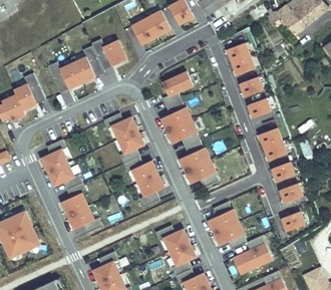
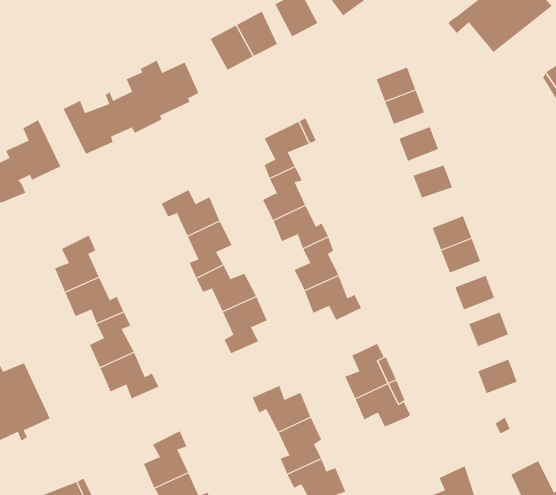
building: [232,236,271,274] -> none

